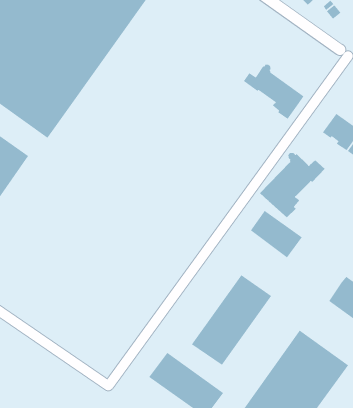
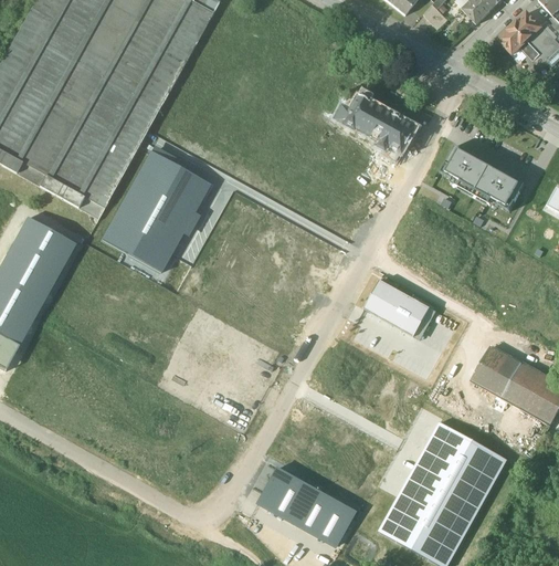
building: none -> [102,150,209,271]
building: [259,152,326,218] -> none
building: [191,274,272,366] -> none

